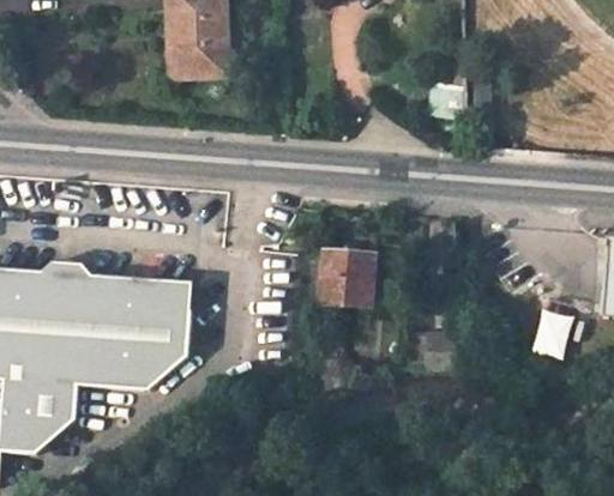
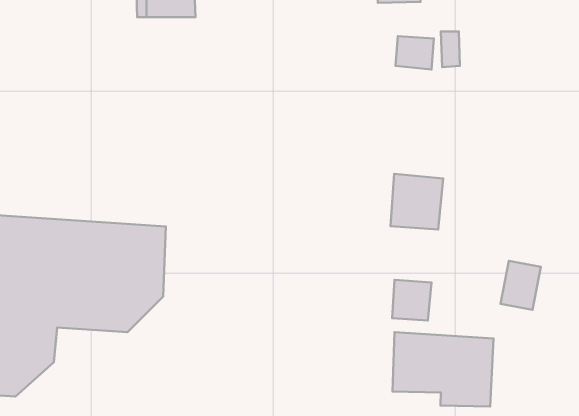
building: [319,248,372,304] -> [391,174,443,230]
building: none -> [393,332,494,407]

